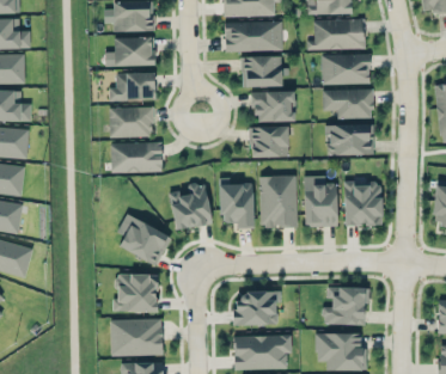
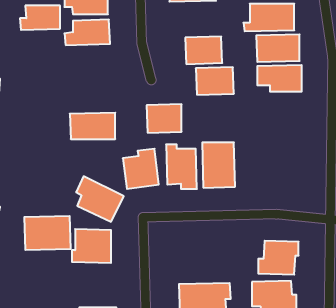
building: [225,20,283,51] -> none
building: [110,73,155,100] -> [20,6,60,30]
building: [110,106,154,137] -> none
building: [326,124,374,157] -> none
building: [250,125,289,158] -> [147,104,182,133]
building: [304,176,338,227] -> none
building: [344,182,383,226] -> none
building: [234,292,282,325] -> none
building: [111,318,164,356] -> [24,216,71,250]

